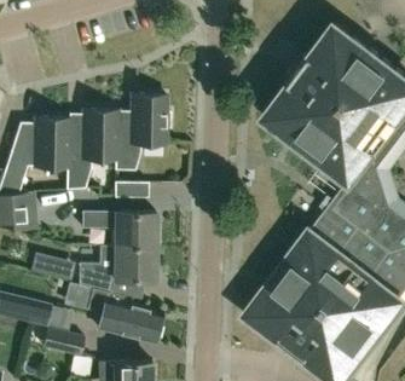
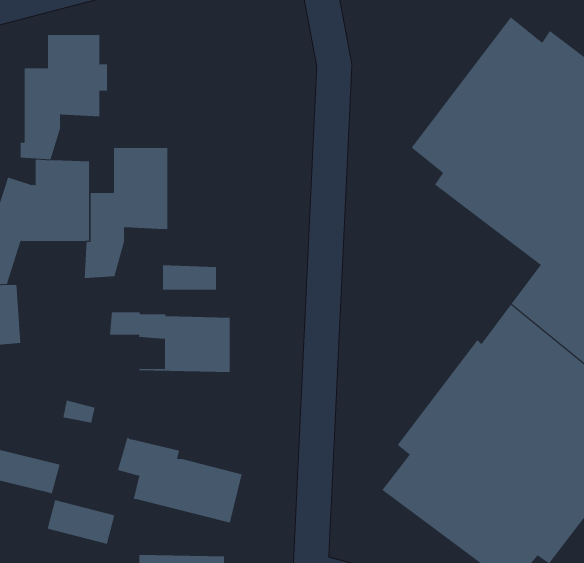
building: [115,94,169,172] -> [20,35,108,160]
building: [79,248,156,293] -> none

